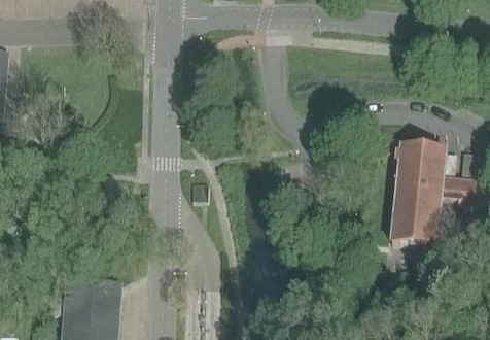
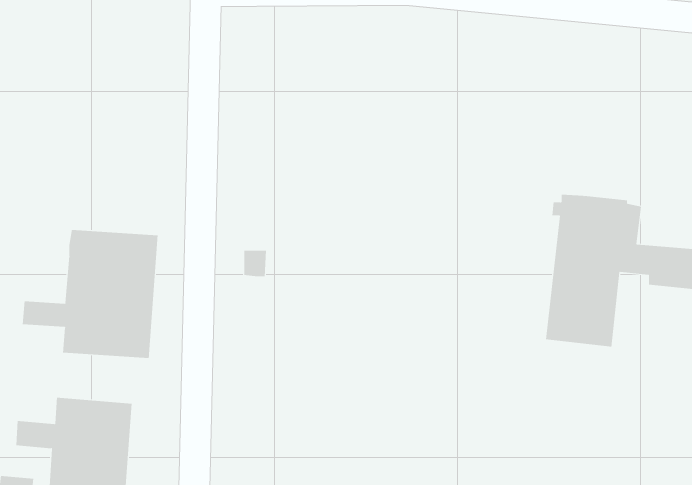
building: none -> [22,229,158,359]

